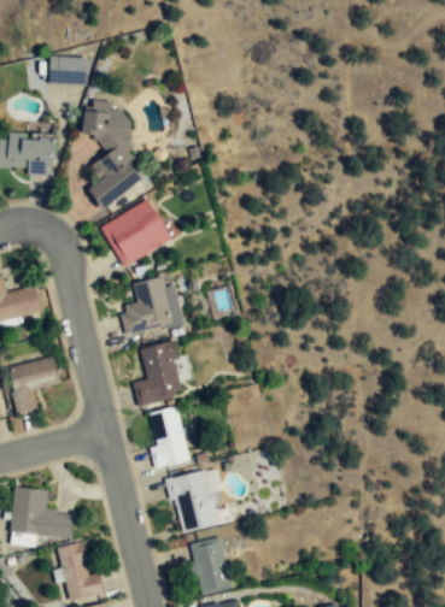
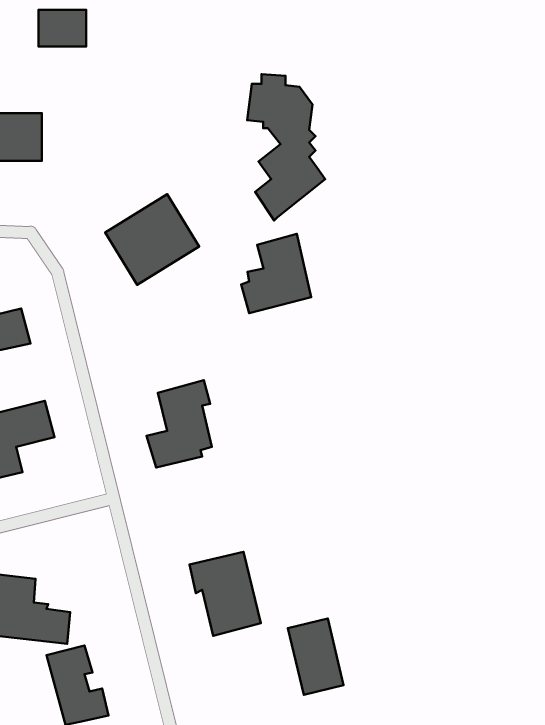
building: [82,100,141,211] -> [247,74,325,220]
building: [121,276,174,336] -> [241,234,311,313]
building: [151,405,191,467] -> none
building: [191,536,233,594] -> [288,619,344,695]

